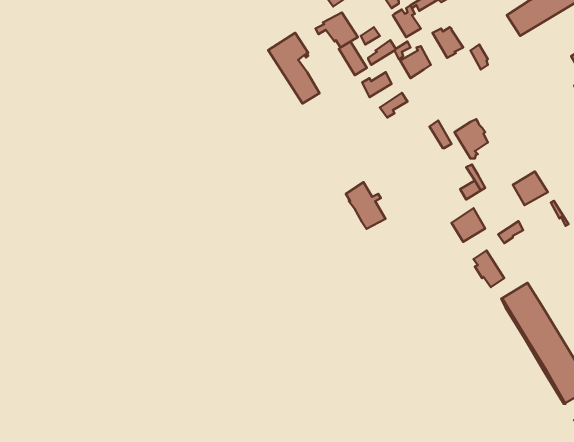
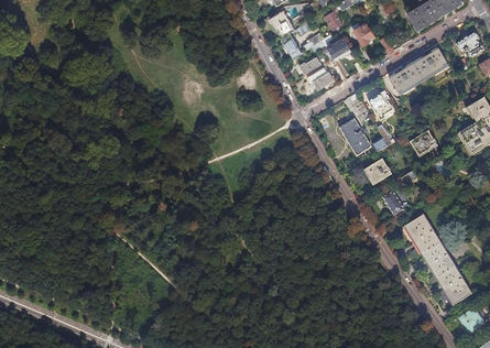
building: [268,33,320,103] -> none
building: none -> [389,47,447,91]
building: [346,182,385,229] -> [340,119,370,154]

